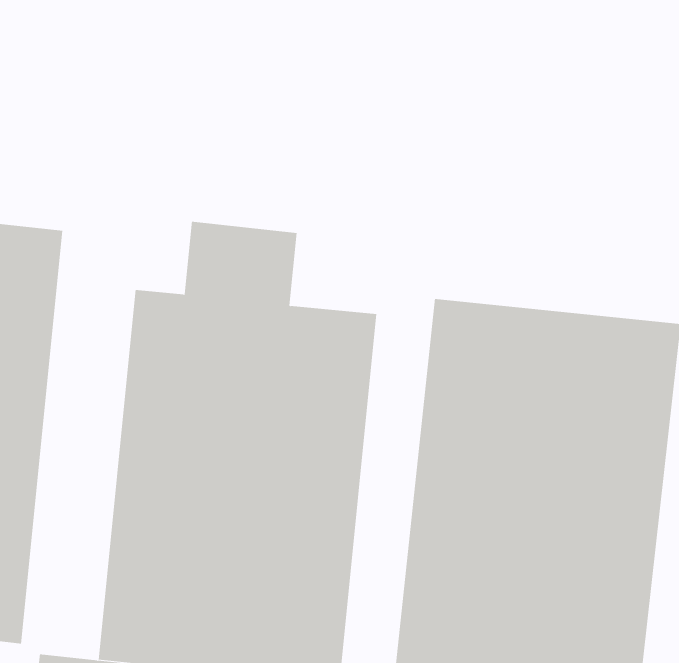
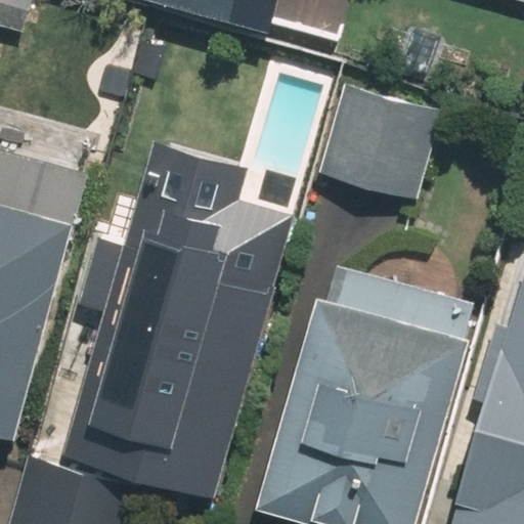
building: none -> [311,90,443,210]

